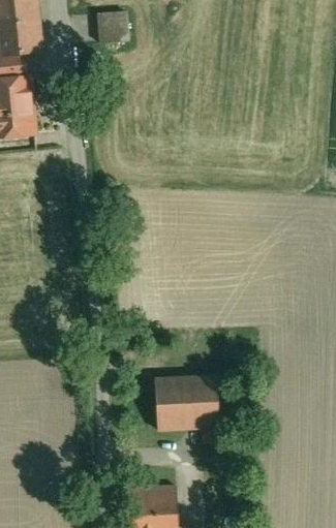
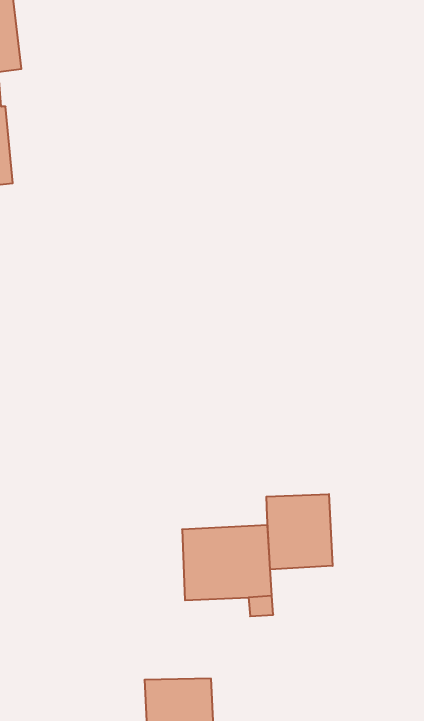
building: [96,11,126,42] -> none
building: none -> [266,494,333,570]

